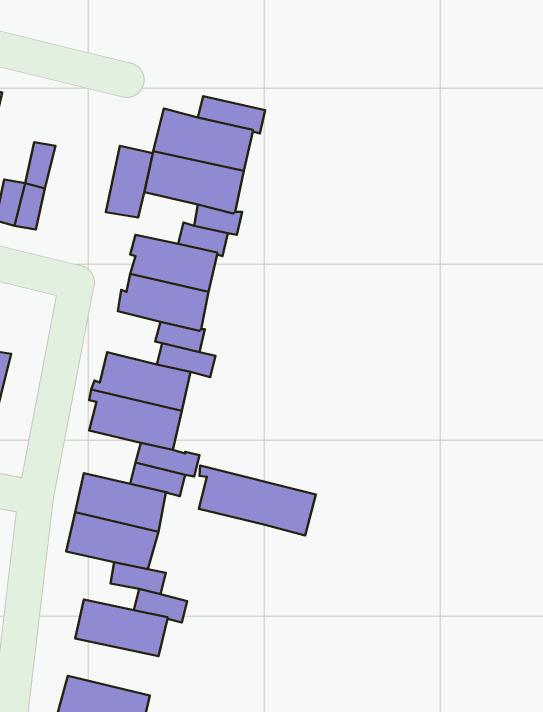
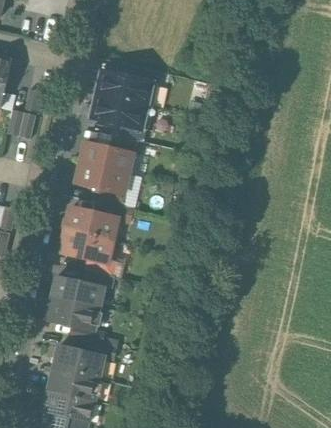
building: [106,146,153,218] -> none
building: [199,466,316,536] -> none
building: none -> [48,368,99,400]

